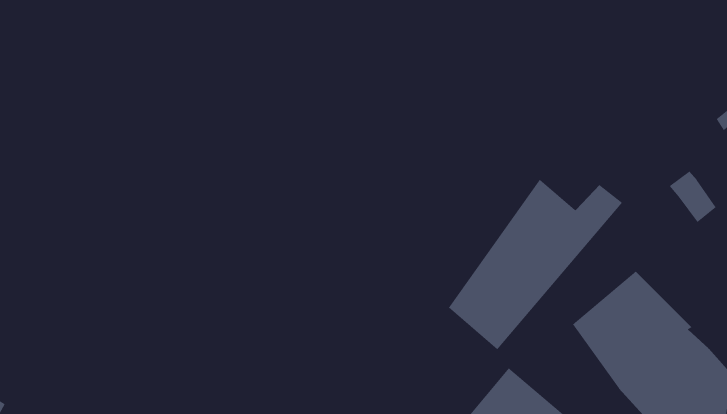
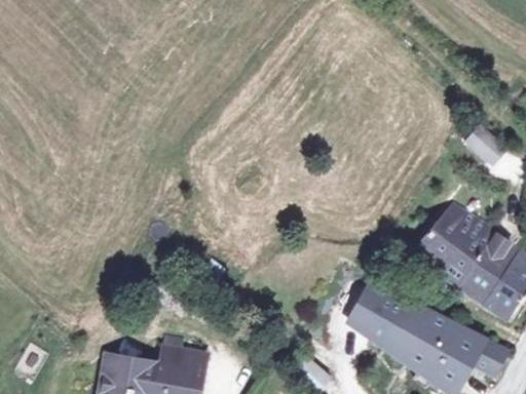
building: [448,179,623,350] -> none

